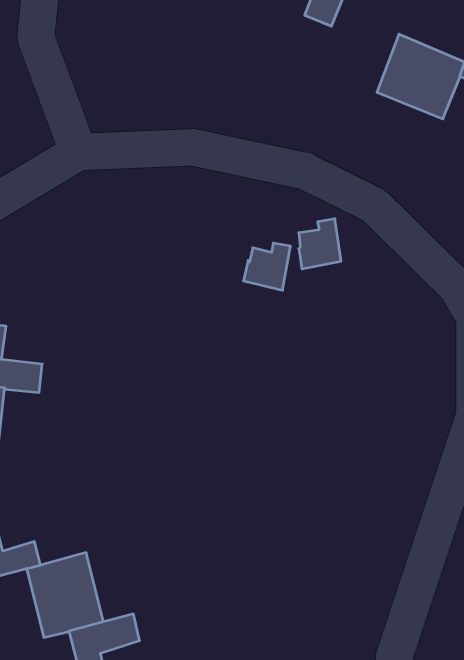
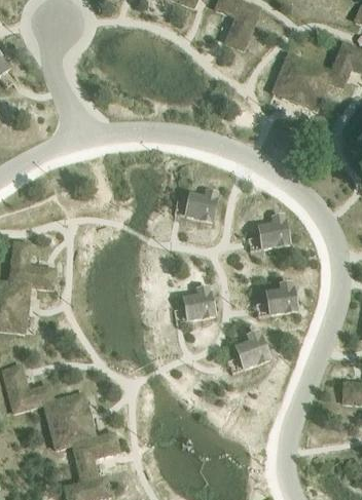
building: [299,219,341,269] -> [259,216,287,248]
building: none -> [267,282,295,315]
building: none -> [184,286,213,319]
building: none -> [237,332,267,368]

